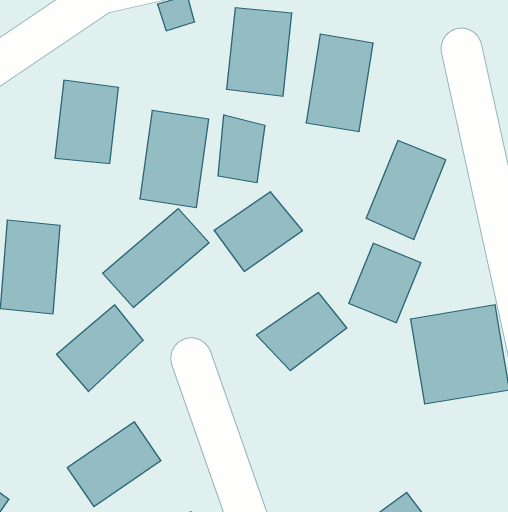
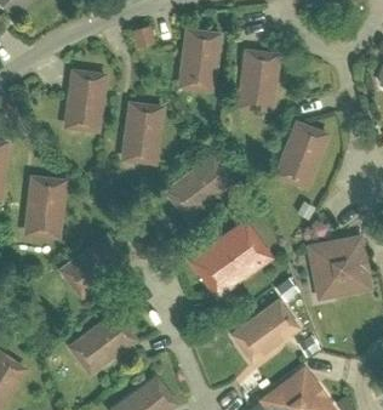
building: [218,115,265,183] -> none
building: [103,209,209,308] -> none
building: [349,243,421,323] -> none
building: none -> [234,303,297,361]

